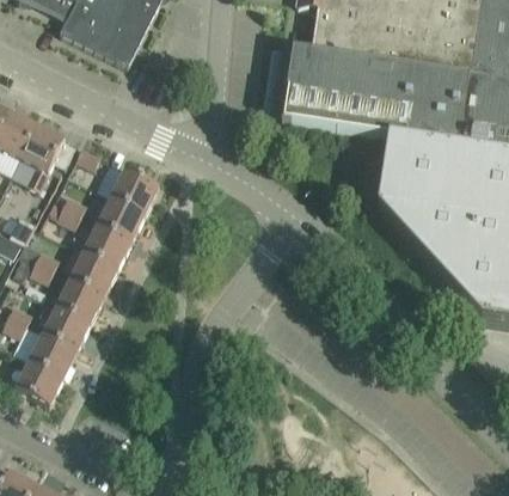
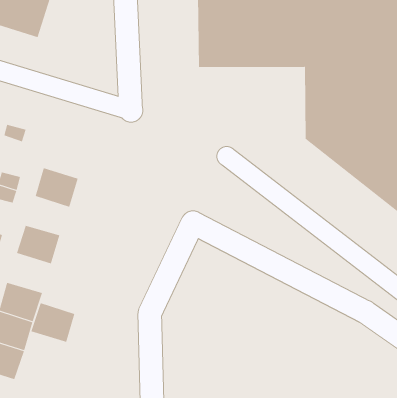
building: [111,169,159,213] -> none
building: [84,223,131,267] -> none
building: [56,277,104,322] -> [30,303,75,343]

